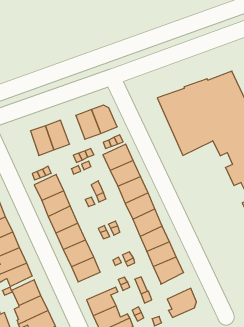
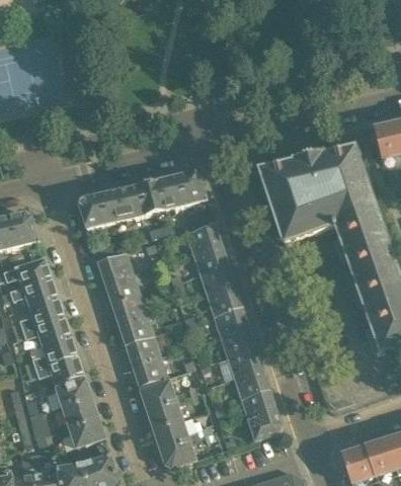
building: none -> [137,179,164,214]
building: none -> [78,192,105,228]
building: none -> [239,386,275,416]
building: none -> [139,379,183,407]

